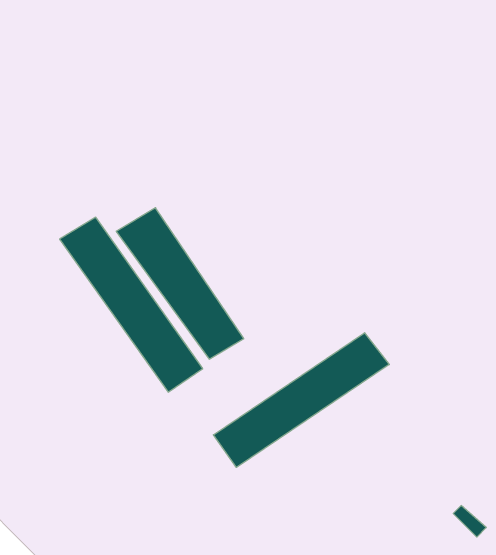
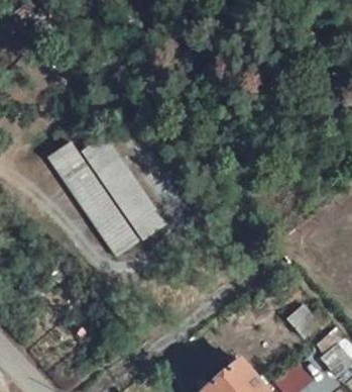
building: [213,333,389,467] -> none

